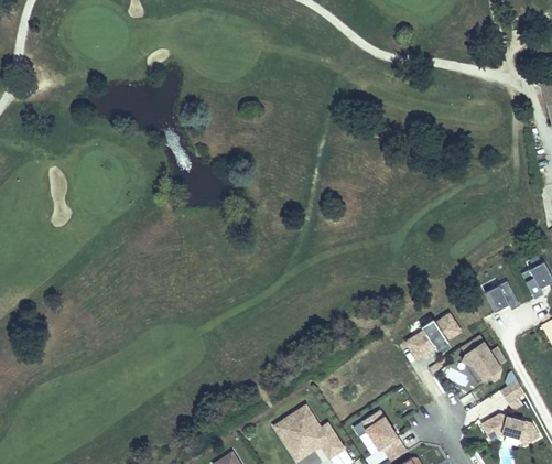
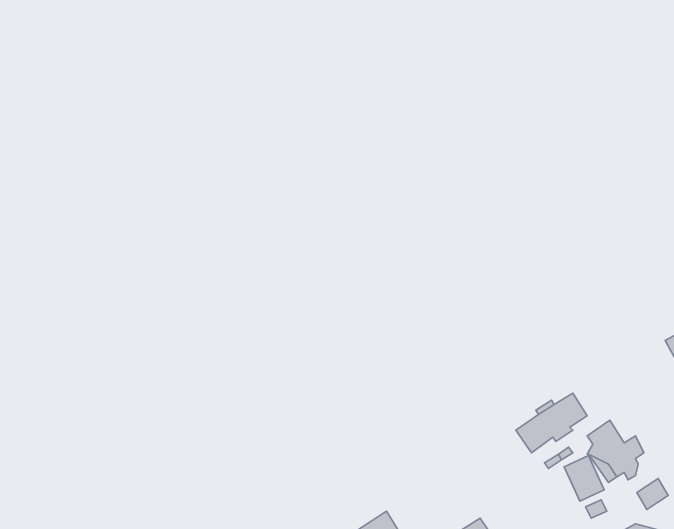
building: [485,280,521,311] -> none

